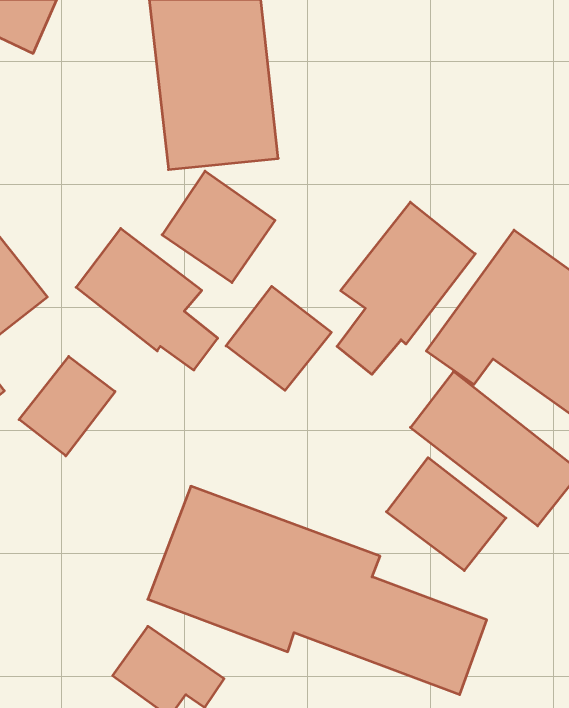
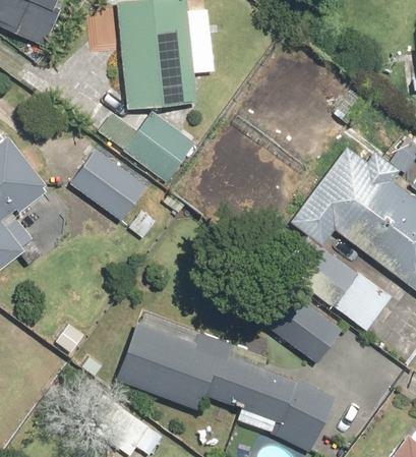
building: [337,202,475,374] -> none
building: [226,286,331,390] -> none
building: [19,356,115,456] -> none

